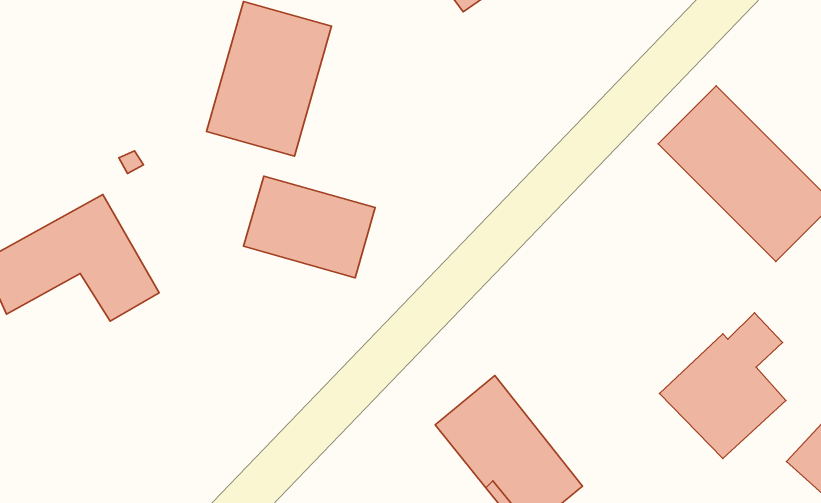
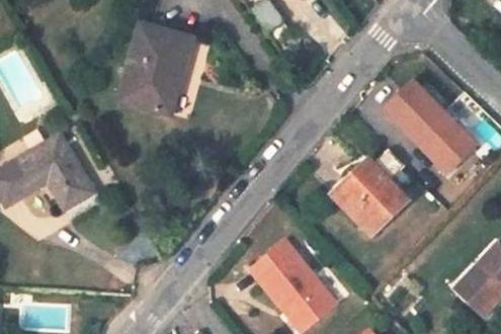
building: [244,176,375,278] -> none
building: [659,313,786,459] -> [332,148,405,232]

